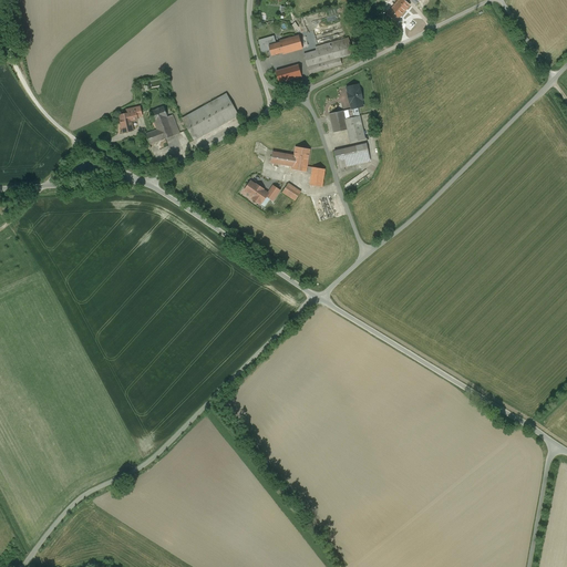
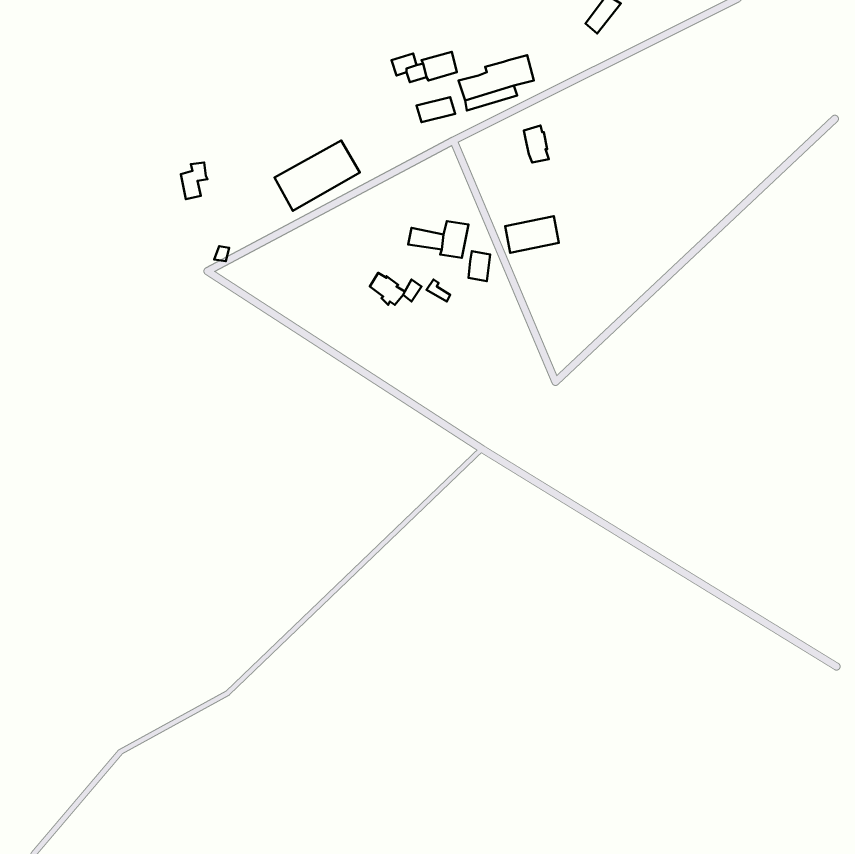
building: [146,105,179,144] -> none
building: [329,110,365,142] -> none

